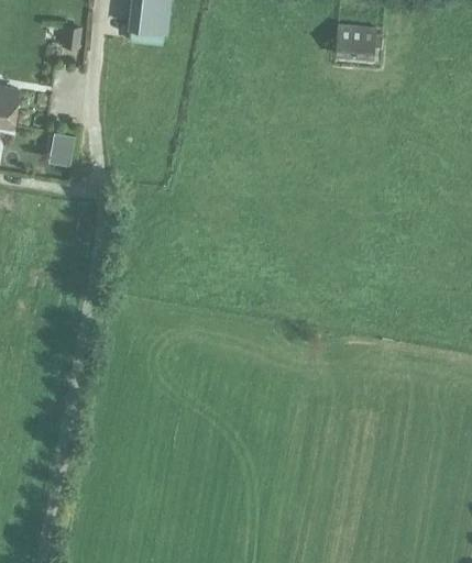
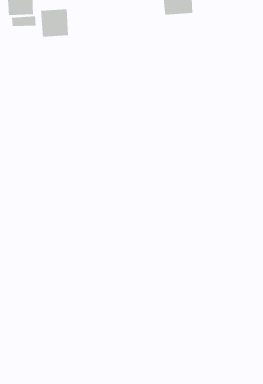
building: none -> [40,9,69,38]

